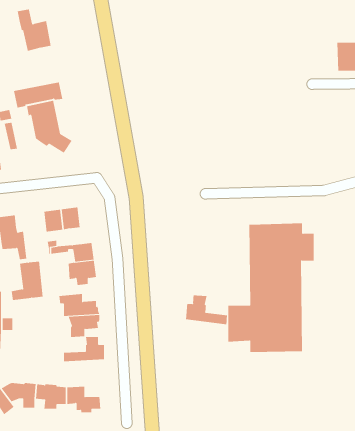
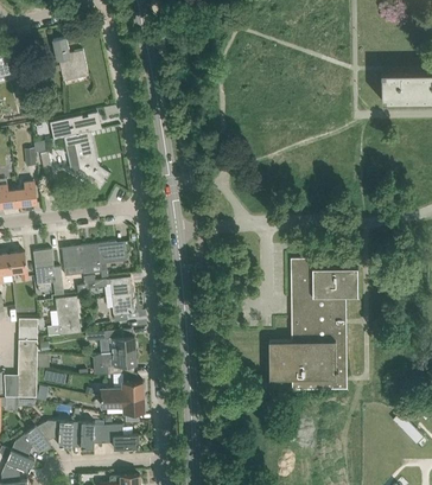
building: none -> [62,245,83,275]
building: [185,294,228,325] -> none
building: none -> [100,397,144,422]

